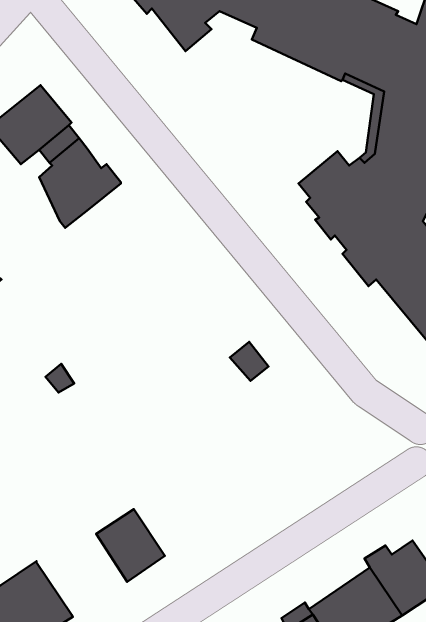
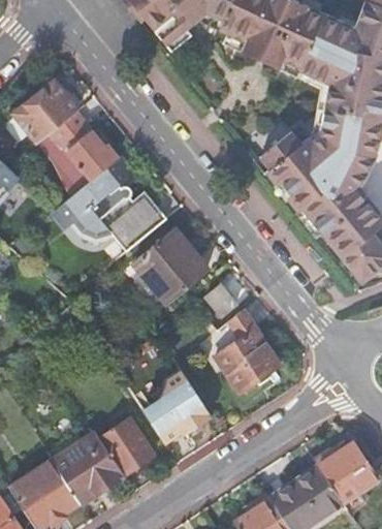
building: none -> [54,158,167,251]
building: none -> [135,230,205,303]
building: none -> [199,309,280,392]
building: none -> [155,379,213,438]
building: none -> [52,432,124,501]

